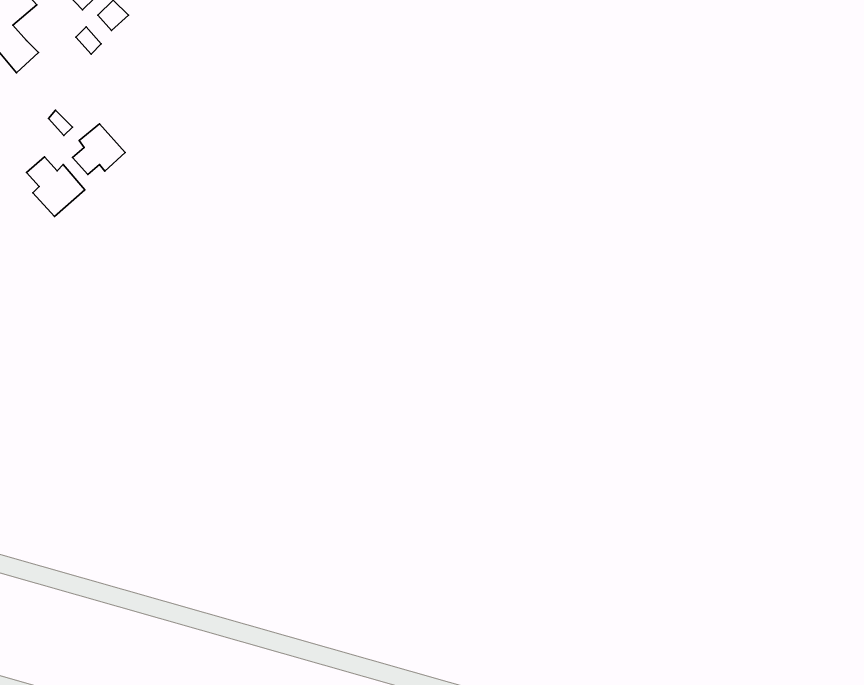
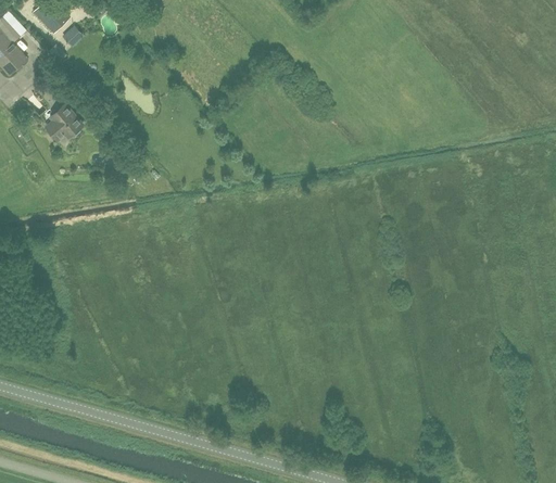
building: [26,157,85,216] -> none

